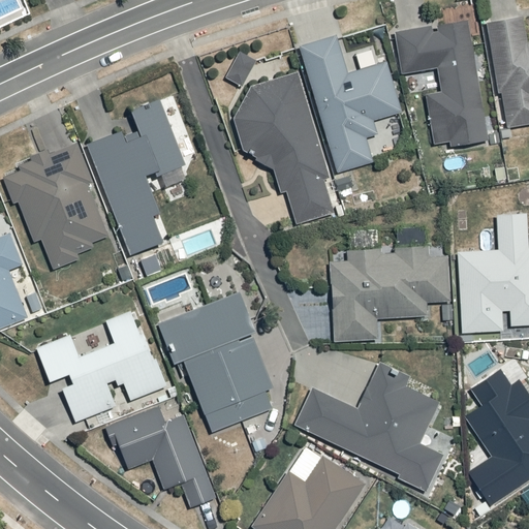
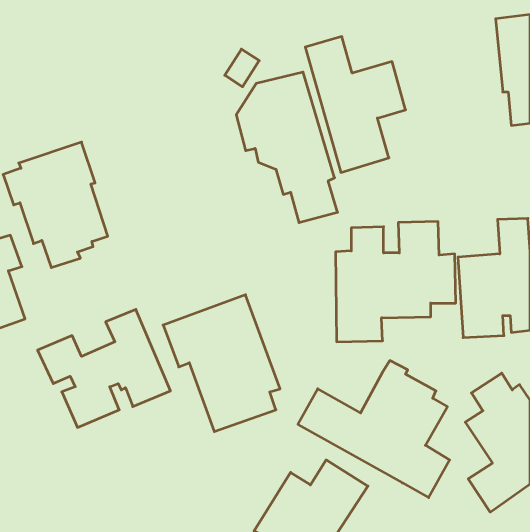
building: [396,21,487,148] -> none
building: [89,98,184,252] -> none
building: [107,411,214,507] -> none

